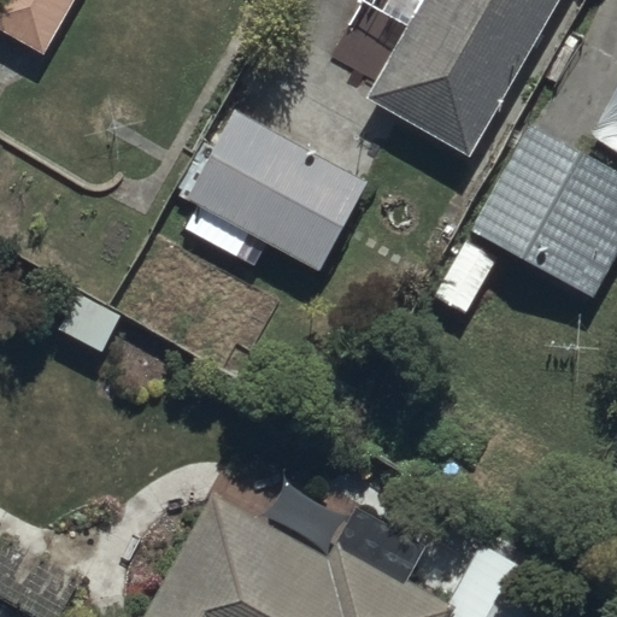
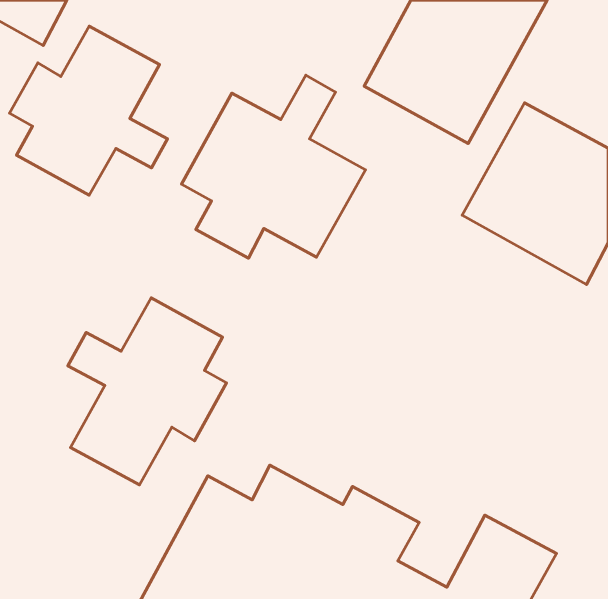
building: none -> [10,26,167,195]
building: none -> [68,298,227,485]

